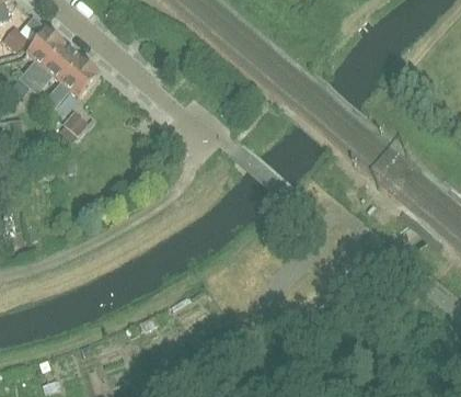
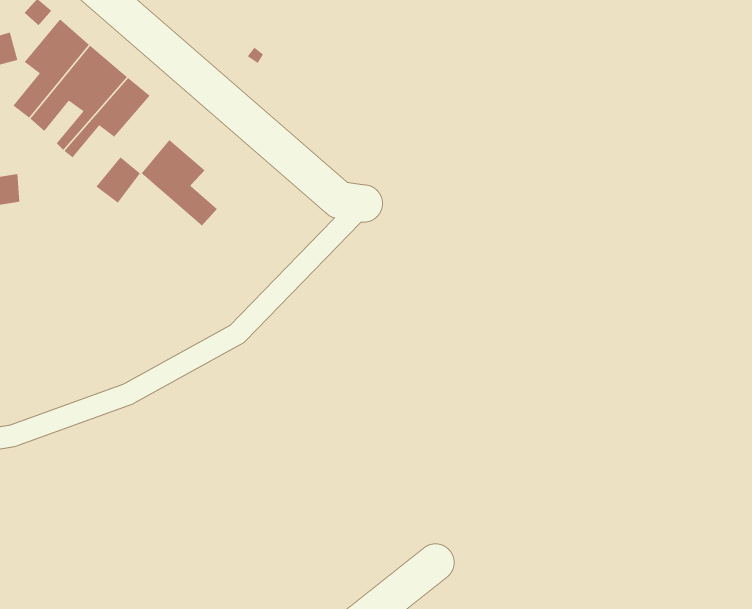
building: none -> [141,139,218,226]

